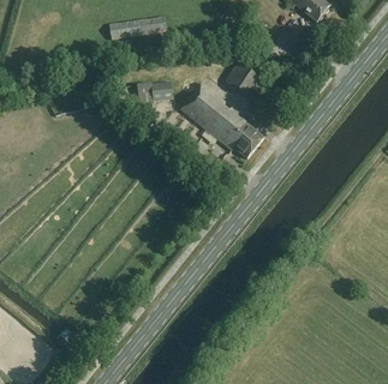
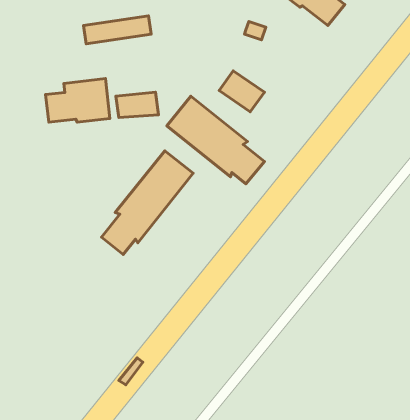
building: none -> [46,79,110,122]
building: none -> [101,151,193,254]

